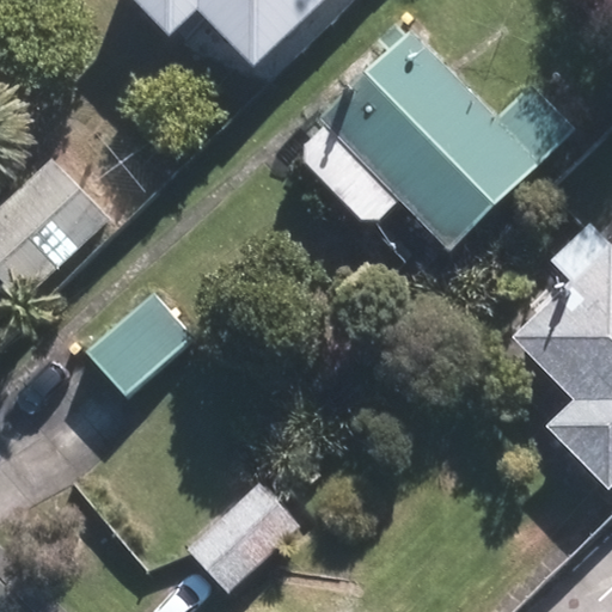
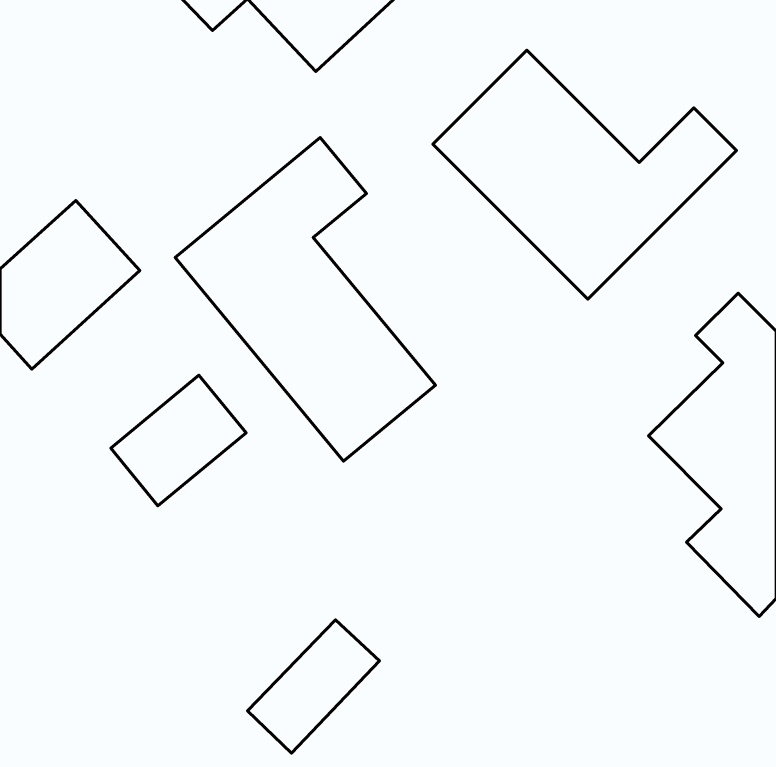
building: none -> [175,138,435,461]

